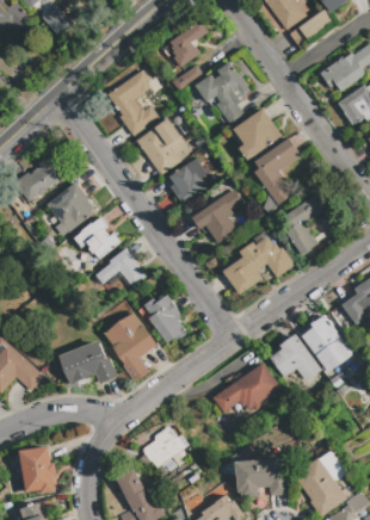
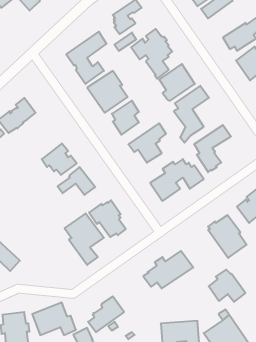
building: [47,182,93,237] -> none
building: [269,335,319,379] -> [209,270,245,302]
building: [57,340,117,384] -> [32,303,76,335]

